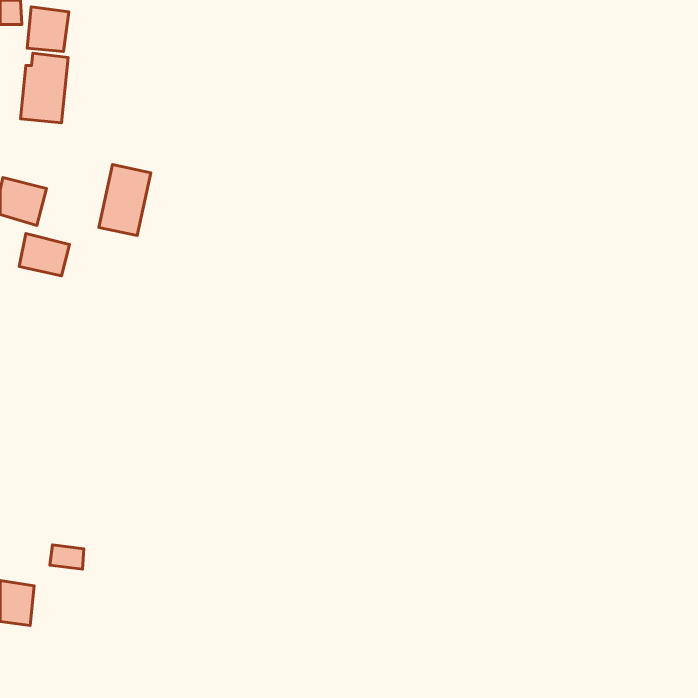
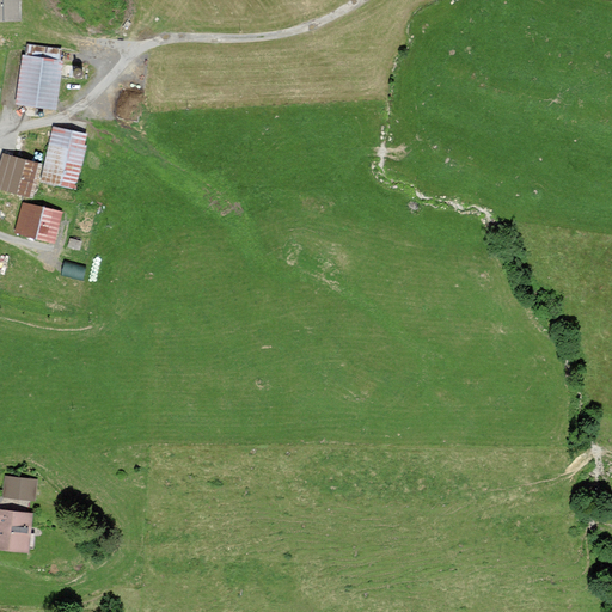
building: [27,7,69,52] -> none
building: [99,165,151,236] -> [41,129,86,191]
building: [50,545,84,569] -> [5,476,35,497]

